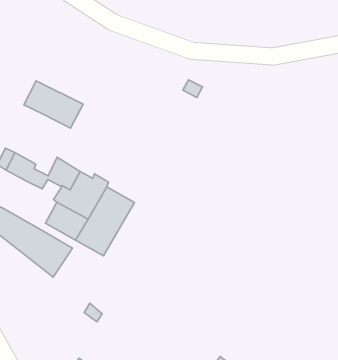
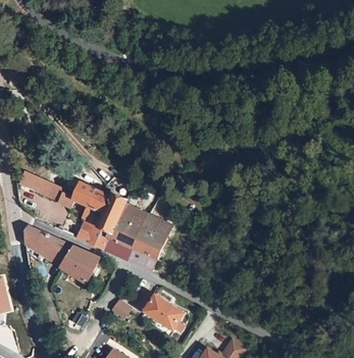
building: [24,81,83,128] -> none
building: none -> [125,214,171,271]
building: none -> [137,291,185,329]

